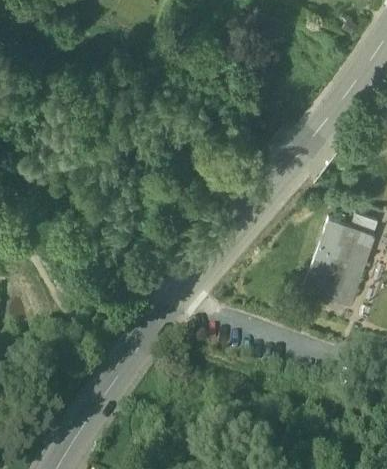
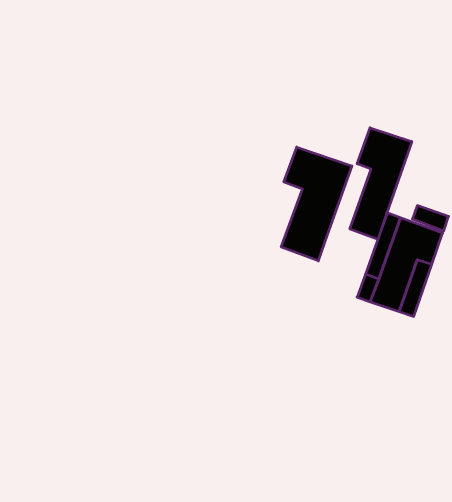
building: none -> [350,128,412,239]
building: none -> [281,147,352,261]

